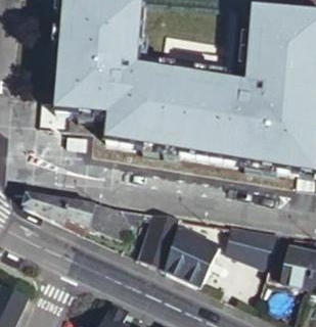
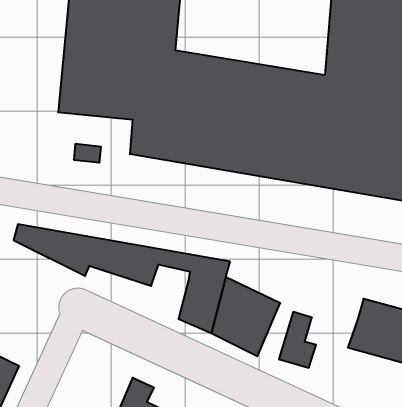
building: [226,225,278,258] -> none

